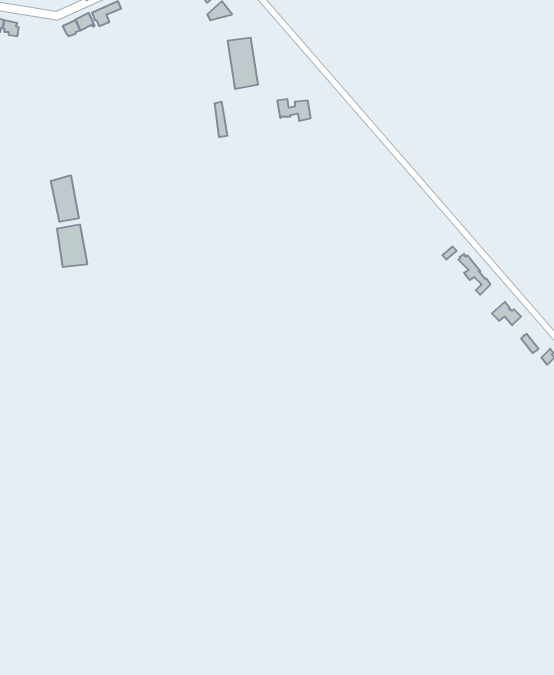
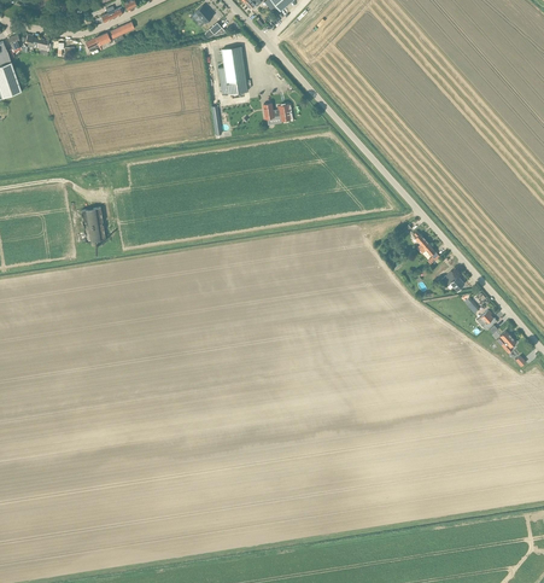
building: [51,175,79,222] -> none

